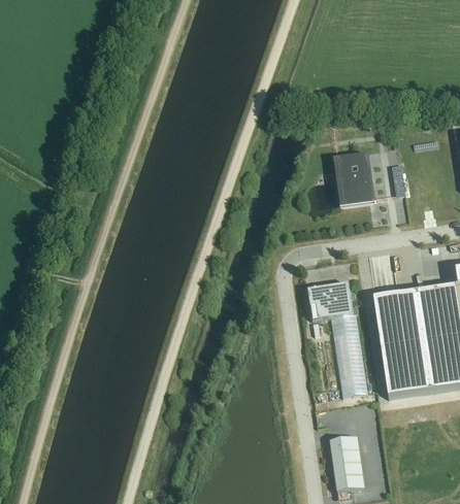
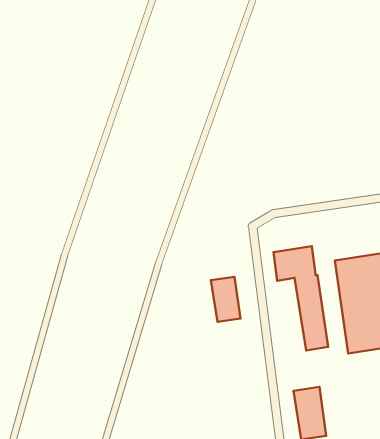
building: [336,150,374,200] -> none
building: none -> [211,277,240,322]

